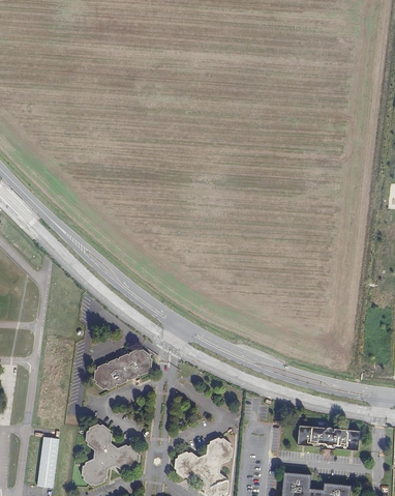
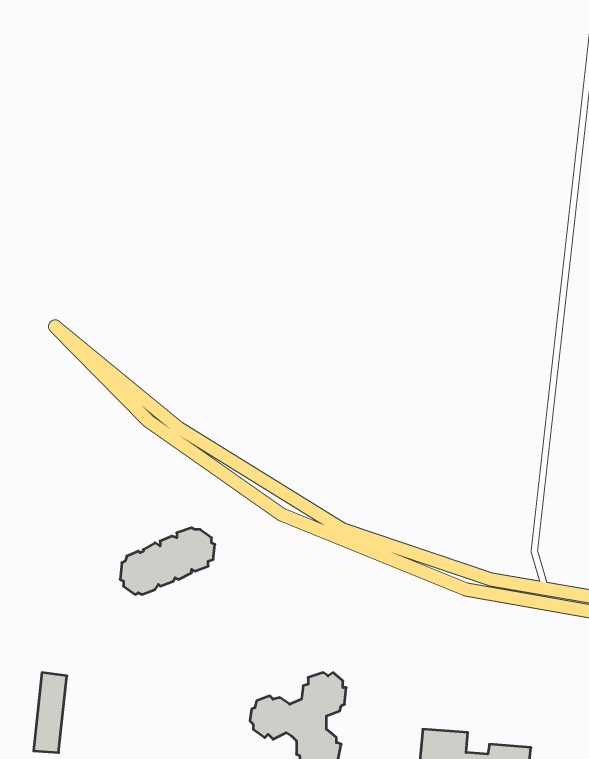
building: [81,424,139,486] -> none
building: [296,427,360,449] -> none

